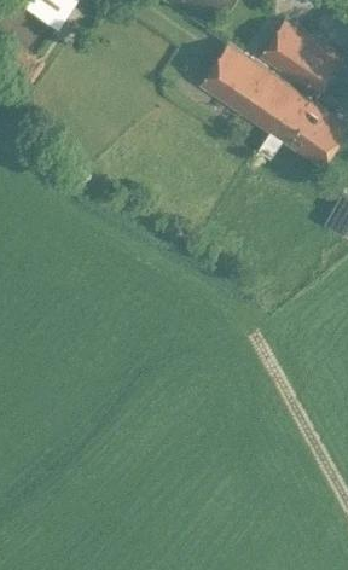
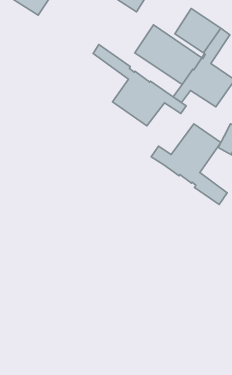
building: none -> [93,45,186,126]
building: none -> [151,124,227,205]

